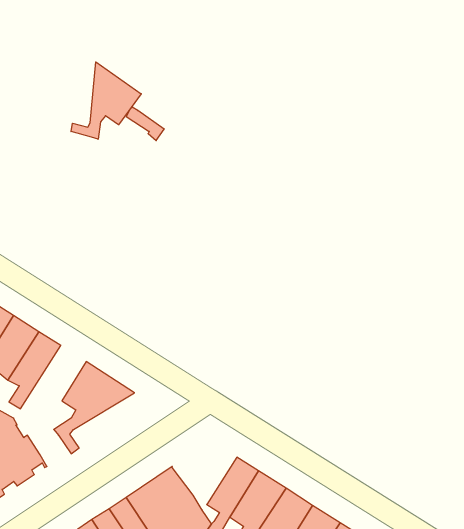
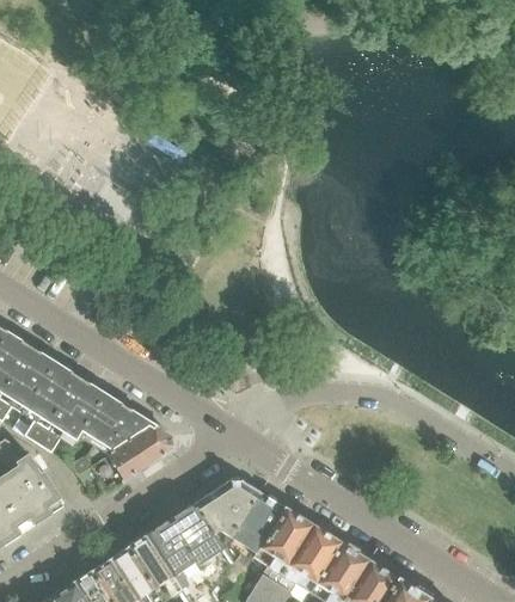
building: [71,62,141,139] -> none
building: none -> [37,377,105,453]
building: none -> [92,426,173,490]
building: none -> [195,480,262,542]

